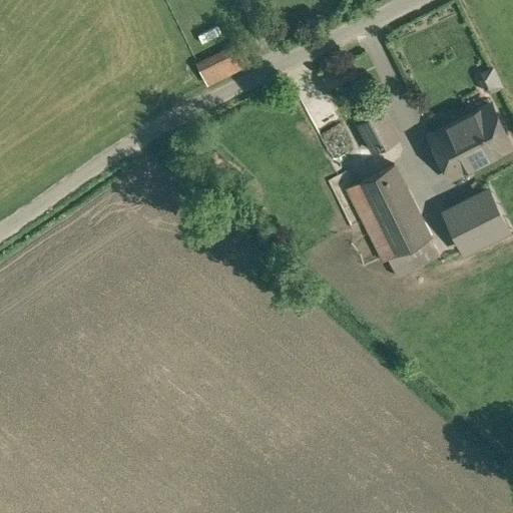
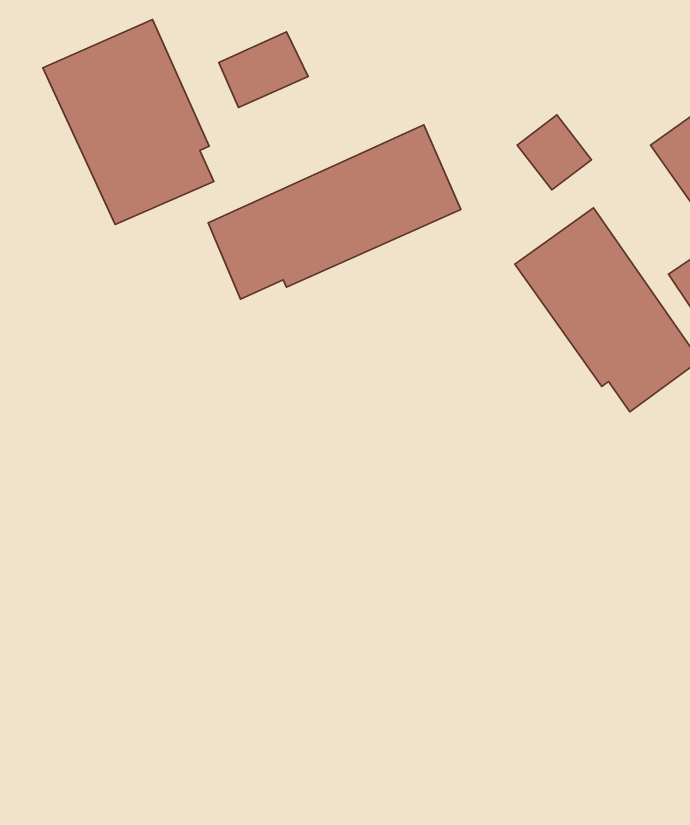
building: none -> [43,19,214,224]
building: none -> [208,125,461,299]

